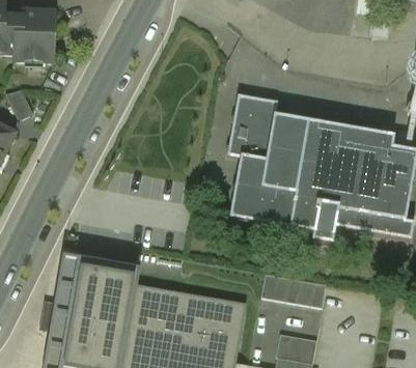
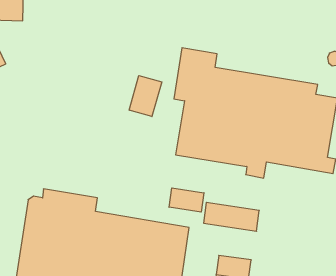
building: none -> [129,76,162,117]
building: none -> [169,188,204,212]

